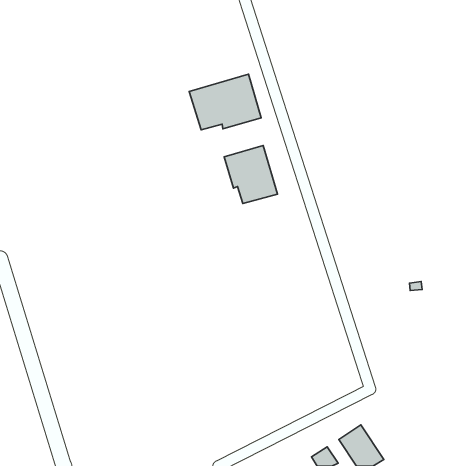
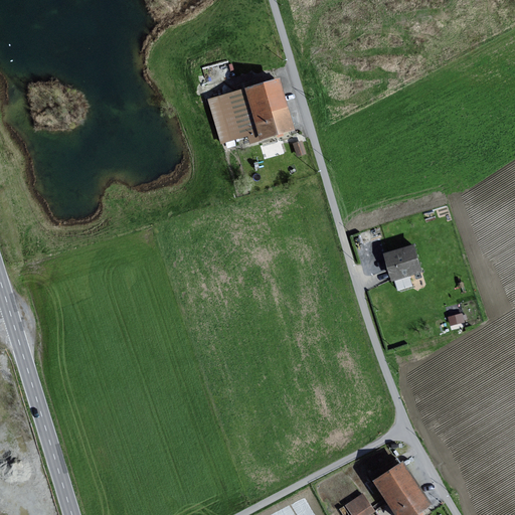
building: [224,145,277,204] -> none
building: none -> [386,246,420,278]

